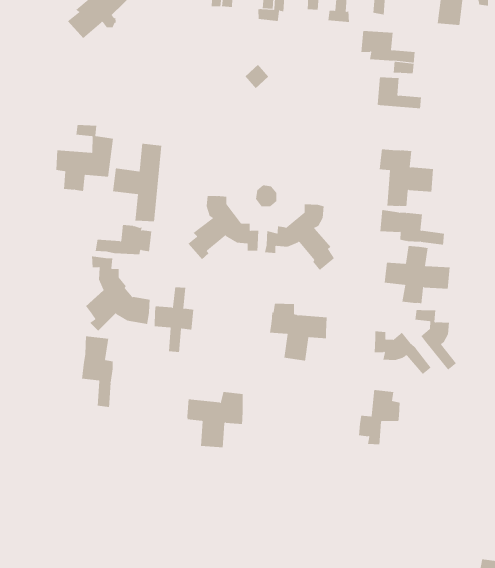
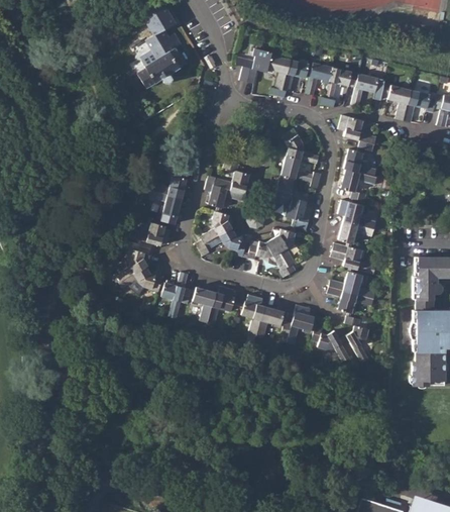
building: none -> [273,129,321,230]
building: none -> [340,170,375,202]
building: [56,125,114,191] -> [205,161,249,208]
building: [82,336,113,408] -> none
building: [358,390,400,445] -> [280,305,314,344]
building: [186,392,243,448] -> [193,286,235,325]

